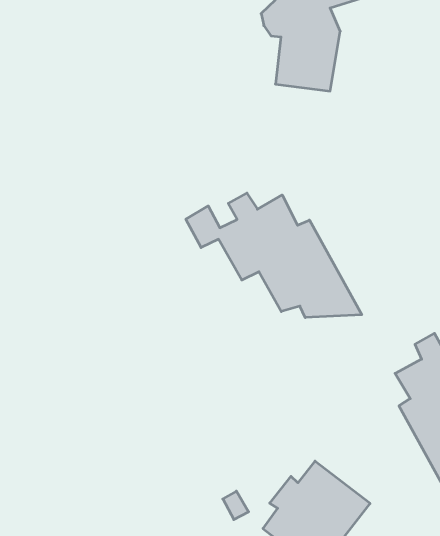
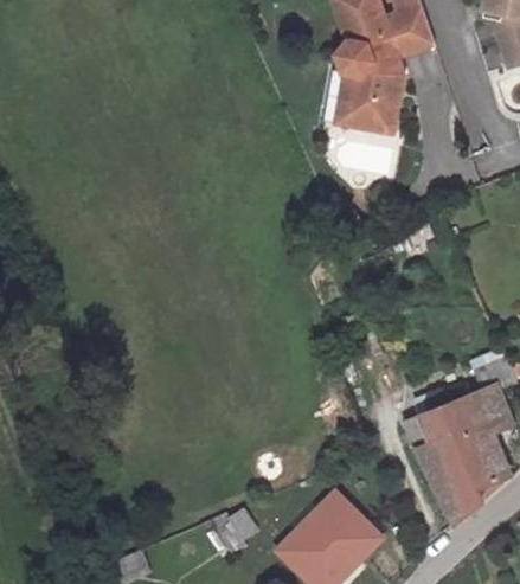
building: [186,193,362,318] -> none

